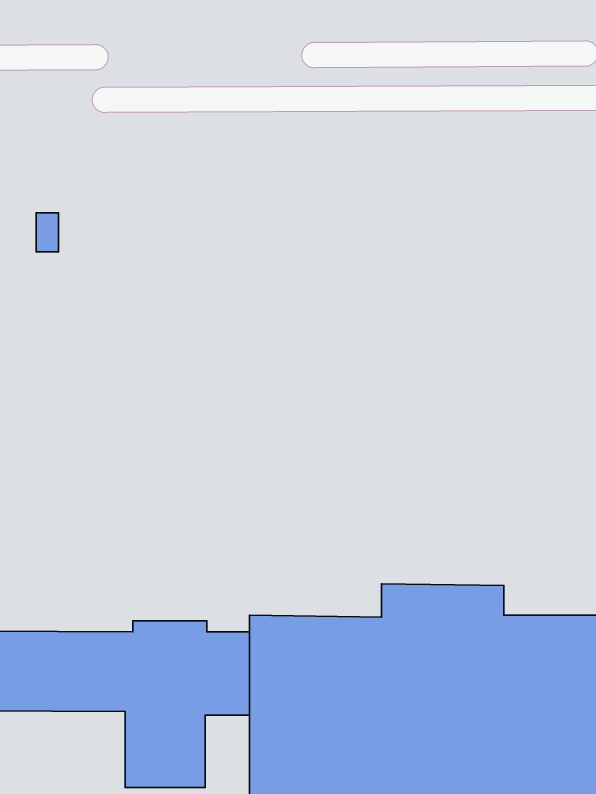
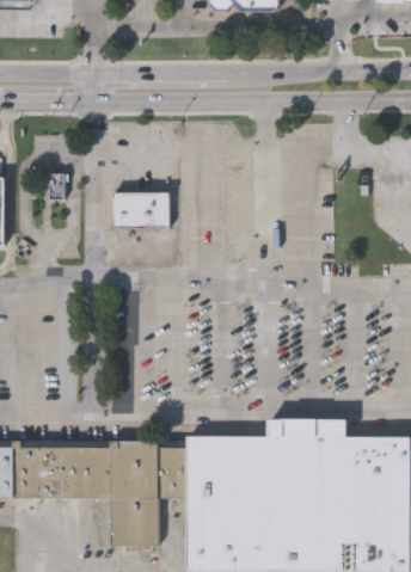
building: none -> [114,192,171,227]

